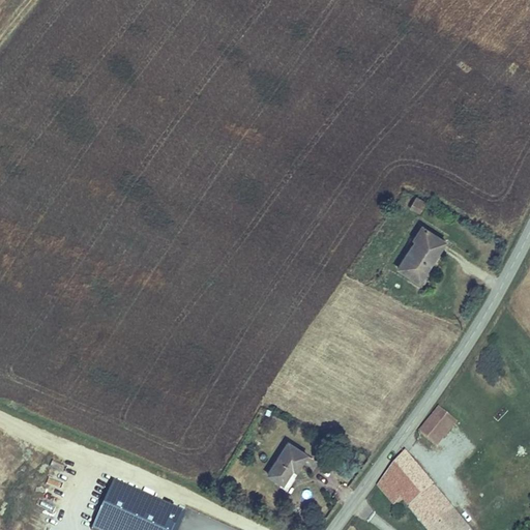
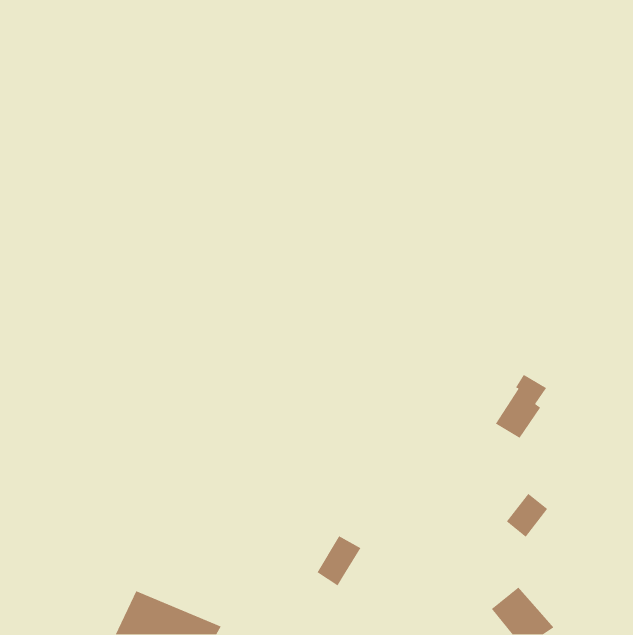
building: [398,225,441,278] -> [495,374,547,439]
building: [380,453,434,505] -> none

